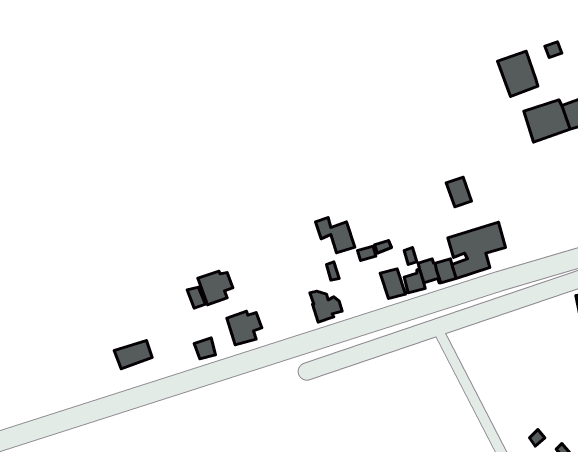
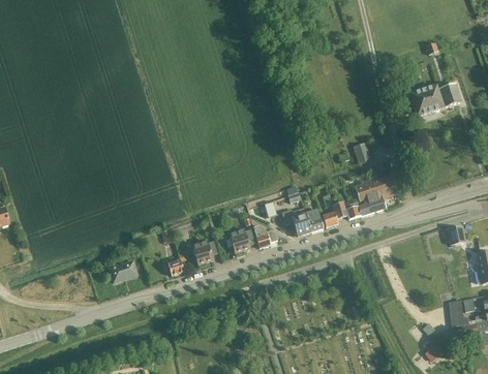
building: [498,51,538,97] -> none
building: [316,218,355,253] -> [281,209,310,235]
building: [198,271,233,305] -> [227,228,253,253]

